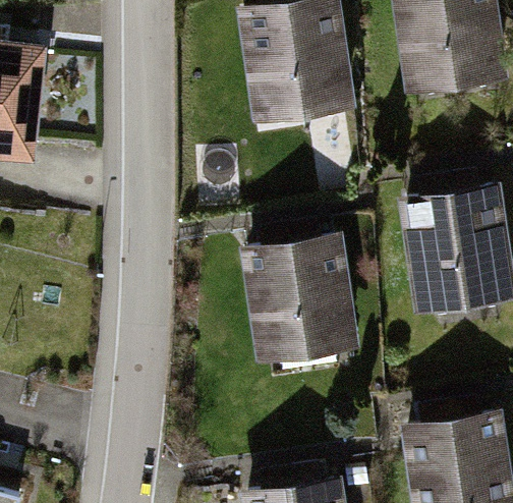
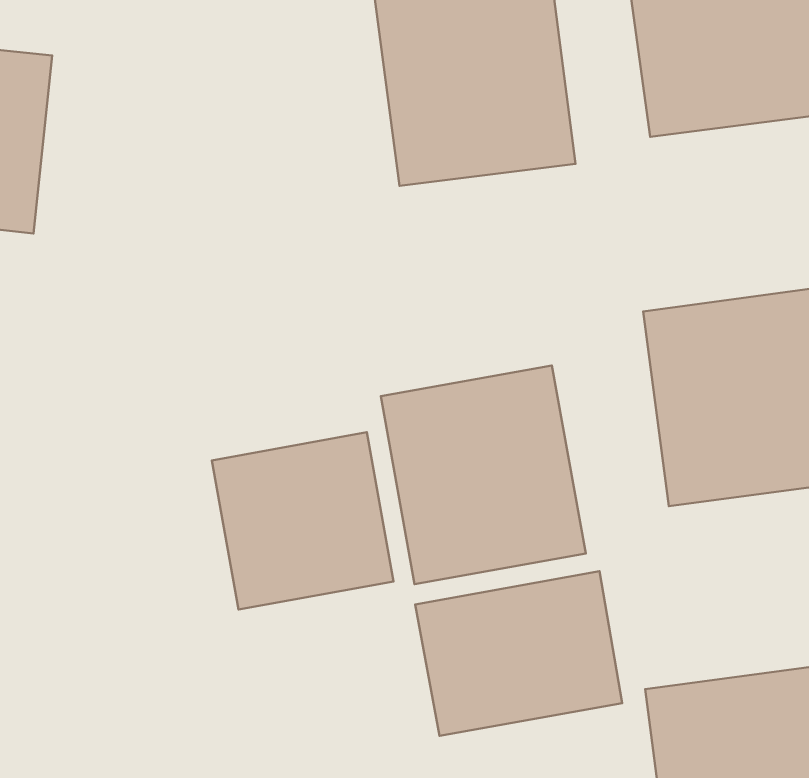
building: none -> [212,432,394,610]
building: none -> [415,571,622,736]

